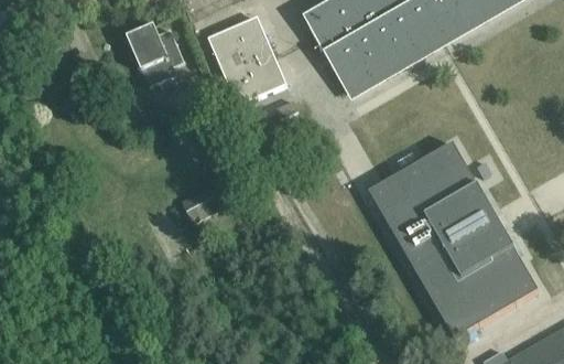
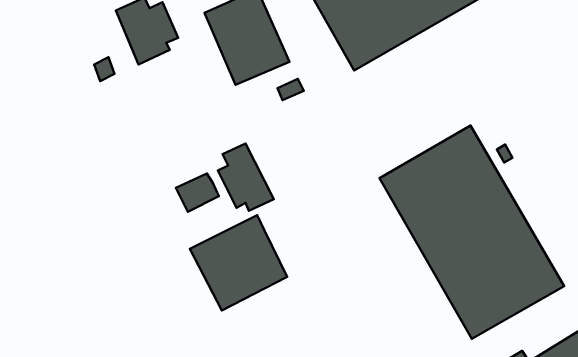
building: none -> [218,144,274,211]
building: none -> [190,215,287,310]

